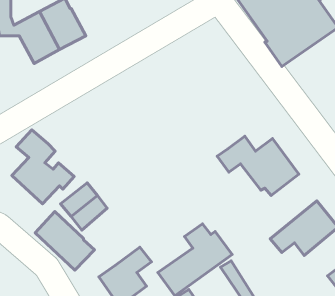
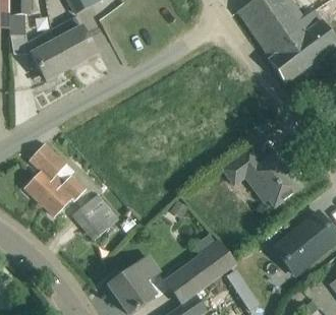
building: [35,212,94,270] -> none

